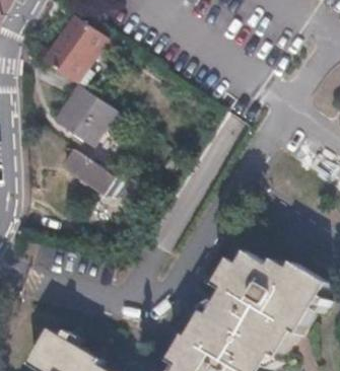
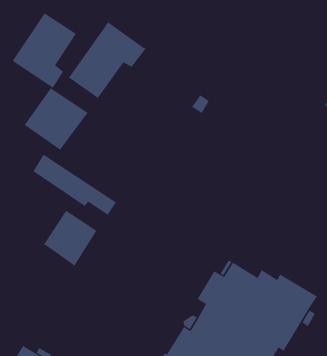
building: none -> [68,22,146,99]
building: none -> [43,210,97,266]

